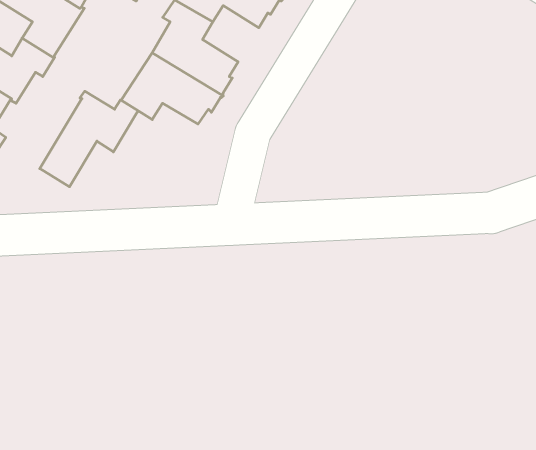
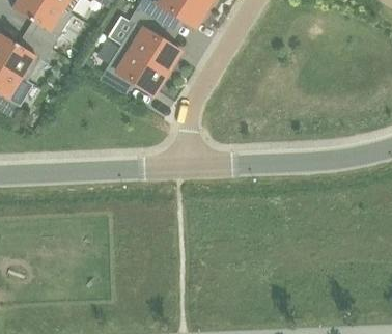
building: [40,91,139,187] -> none

